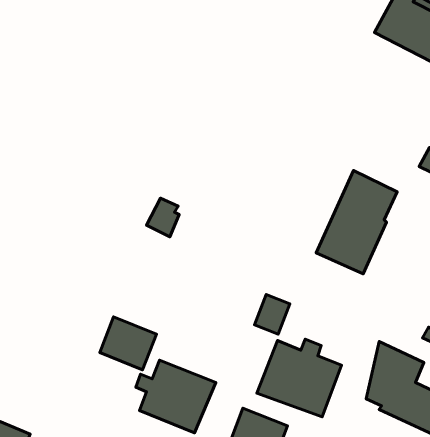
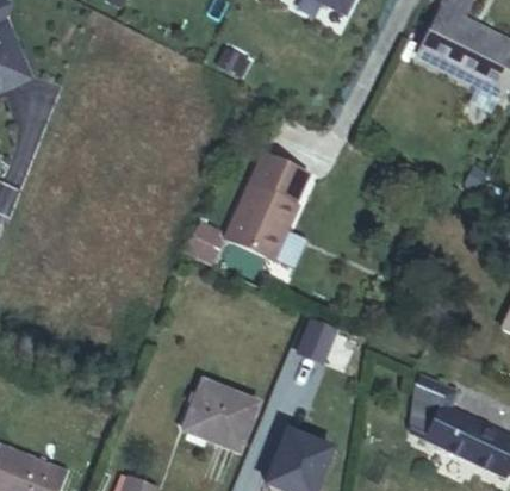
building: [316,171,397,274] -> [225,151,307,256]
building: [100,317,156,370] -> none
building: [257,339,342,417] -> none

